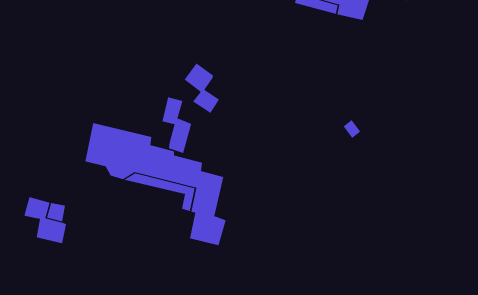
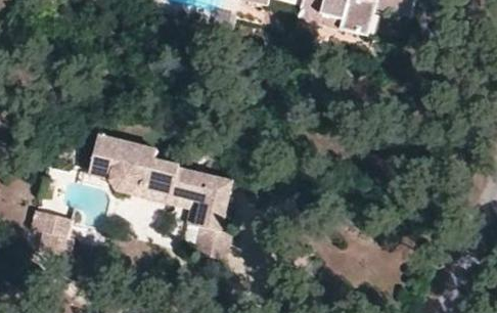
building: [184,62,220,114] -> none
building: [162,97,192,154] -> none

